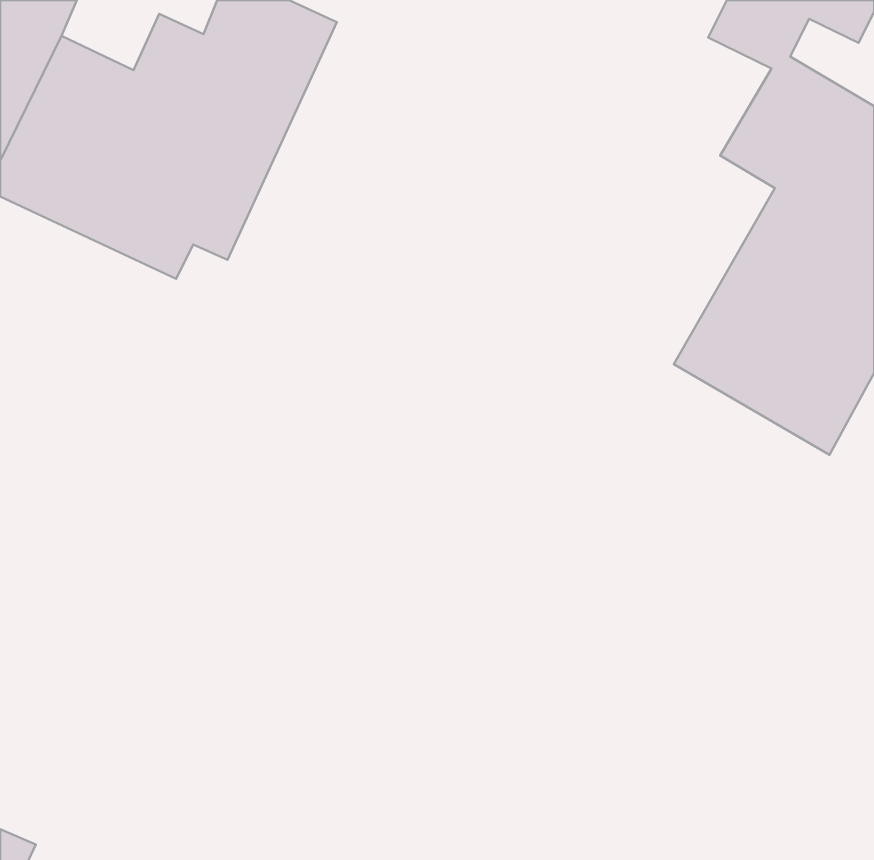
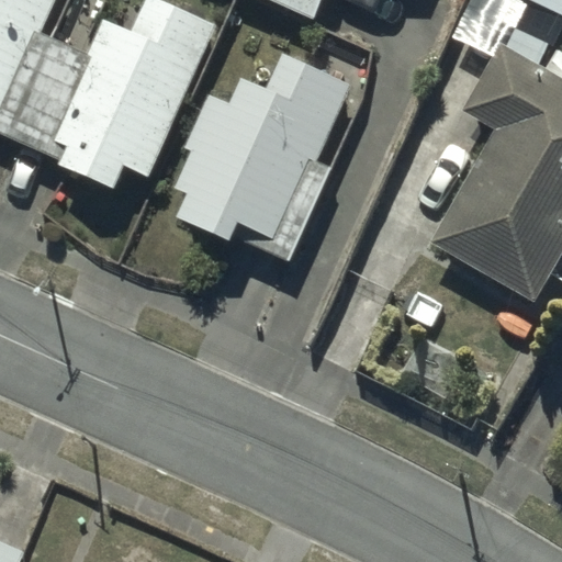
building: none -> [176,52,352,260]

